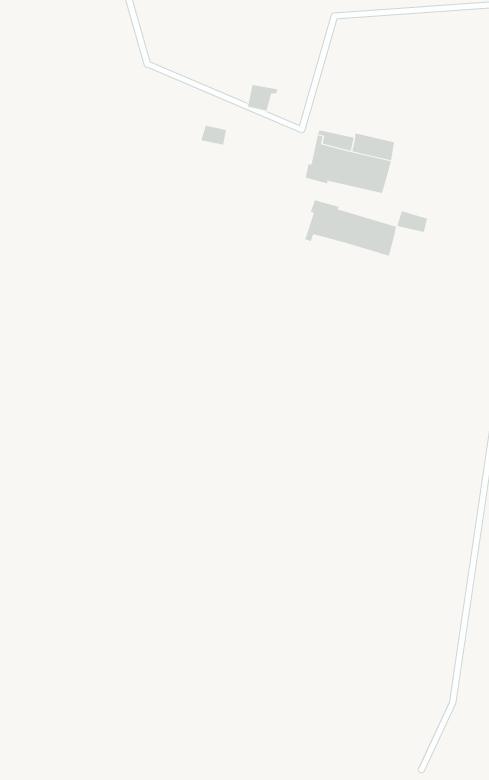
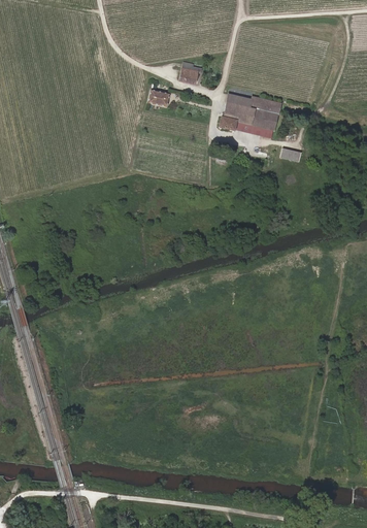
building: [305,200,397,256] -> none

